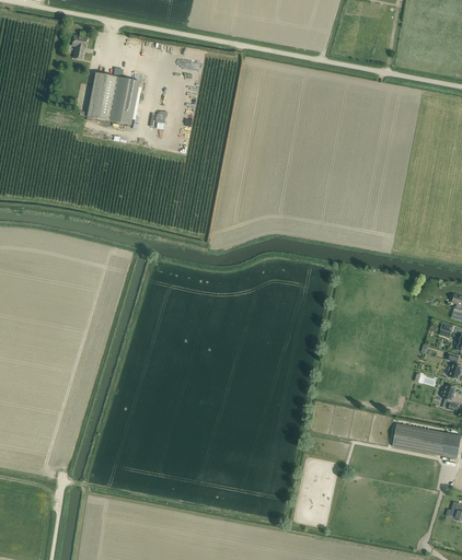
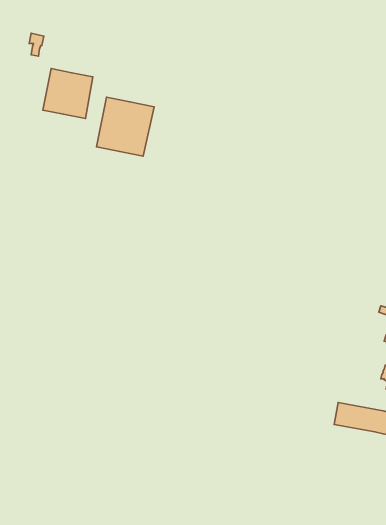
building: none -> [97,97,154,156]

